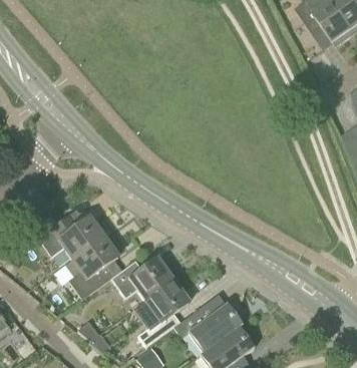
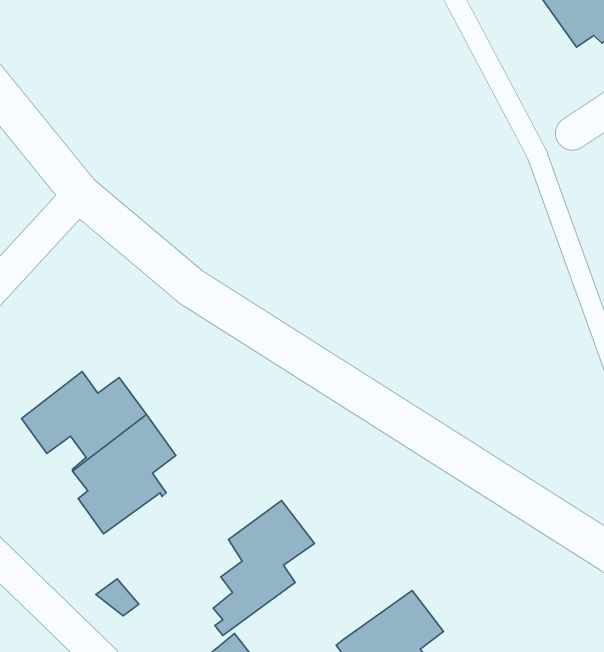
building: [110,259,171,301] -> none
building: [171,303,243,352] -> none

